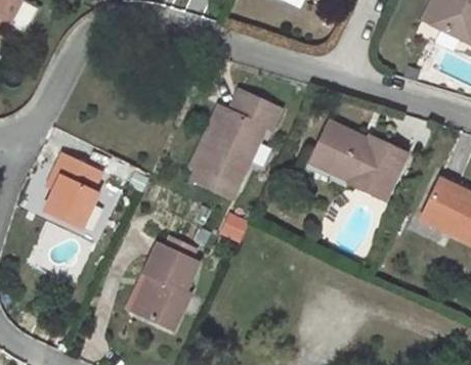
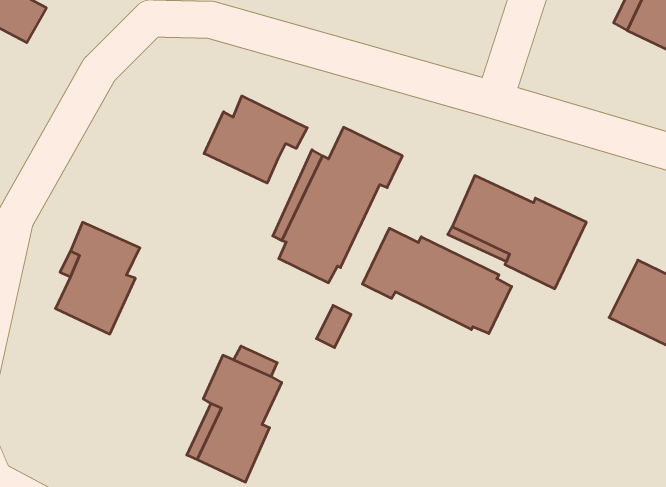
building: none -> [204,96,307,183]
building: none -> [362,228,512,334]

